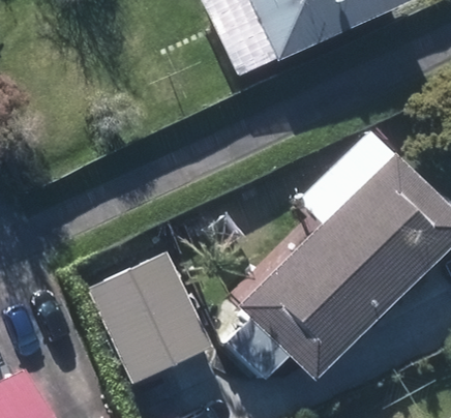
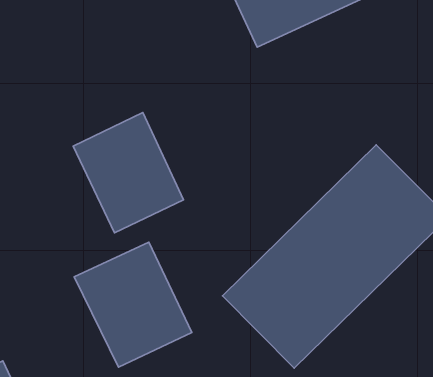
building: none -> [73,112,183,233]

